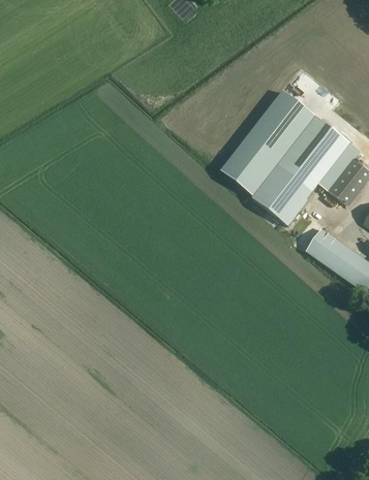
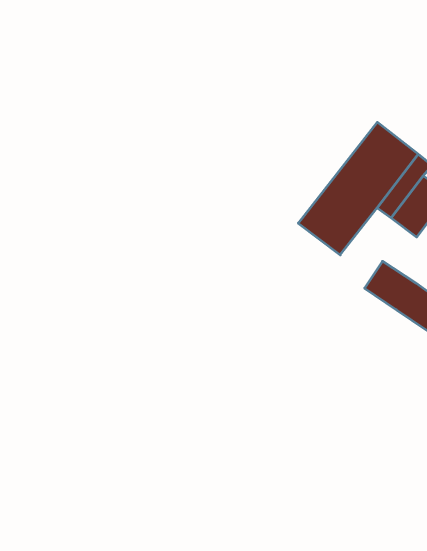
building: [220,91,316,197] -> none

